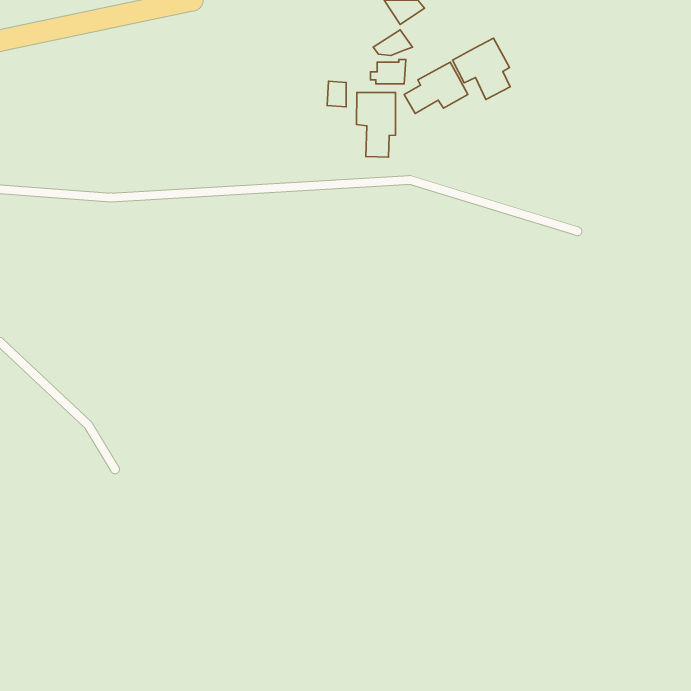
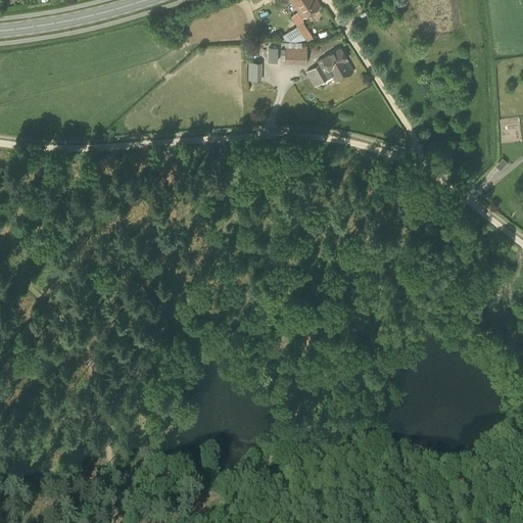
building: [453,38,510,99] -> none
building: [357,92,395,157] -> none

